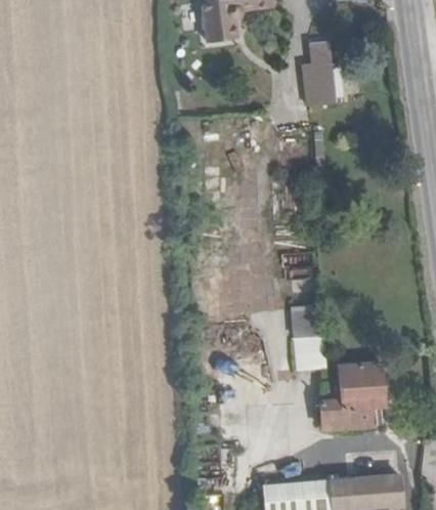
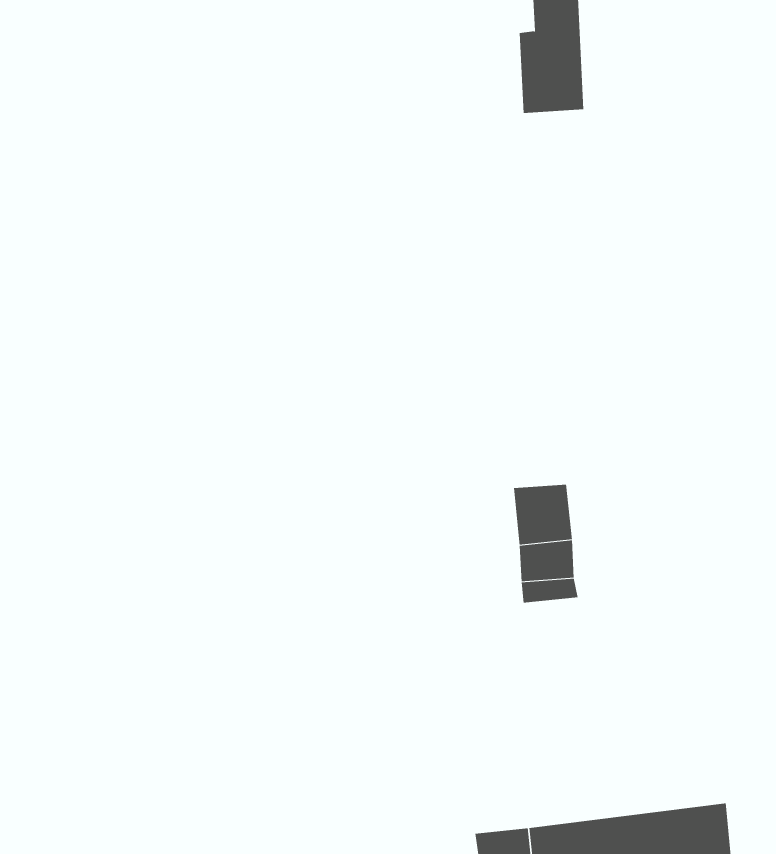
building: [328,359,389,424] -> none

